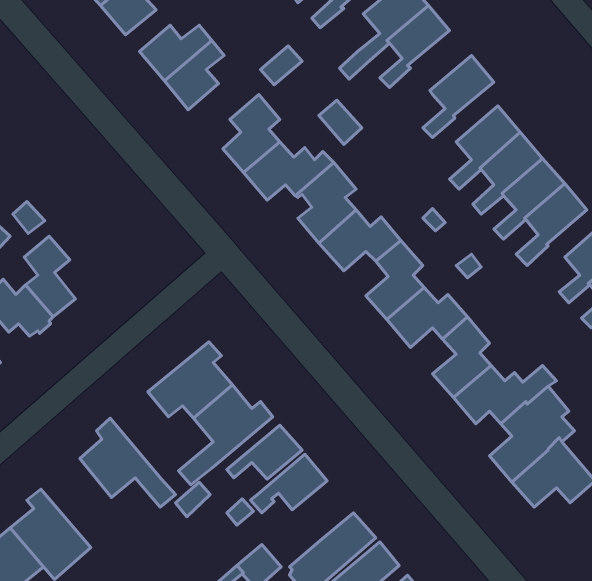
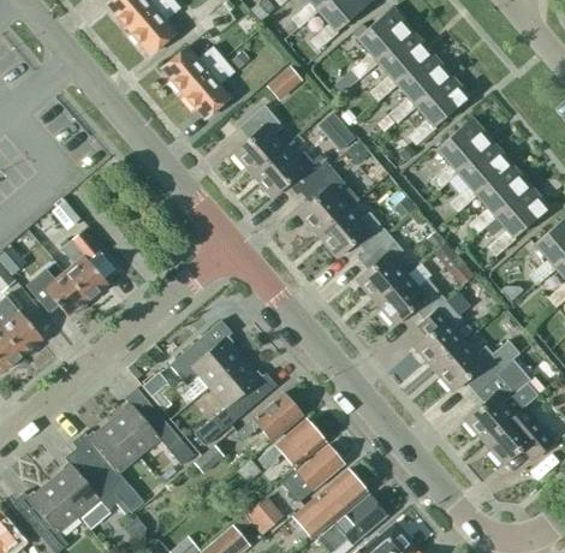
building: none -> [389,52,450,123]
building: none -> [72,422,143,511]
building: none -> [281,444,344,503]

